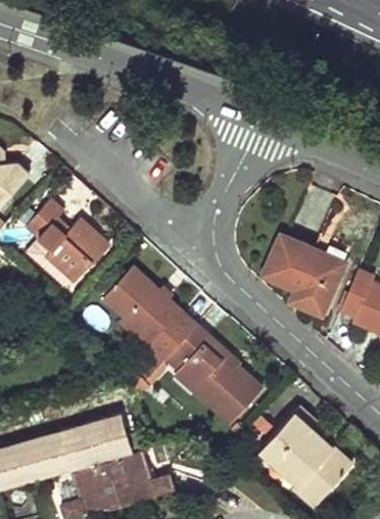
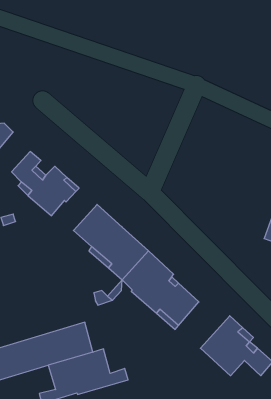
building: [264,234,344,313] -> none
building: [296,463,338,507] -> none

